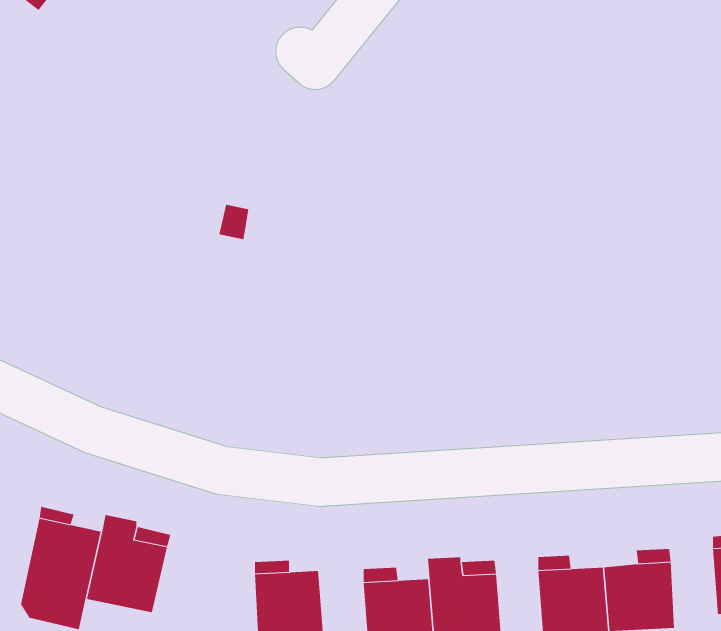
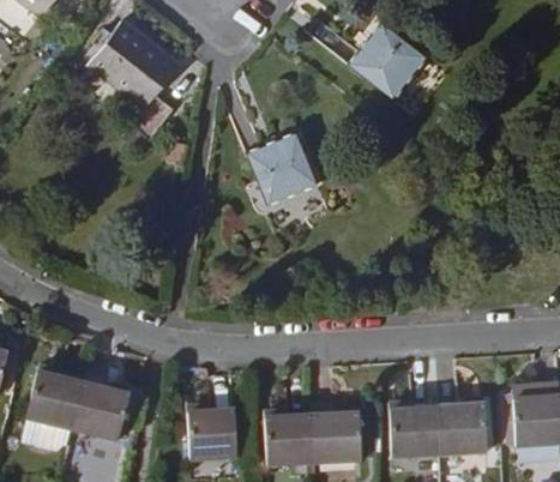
building: none -> [348,22,423,96]
building: none -> [86,23,174,140]
building: none -> [246,134,315,203]

